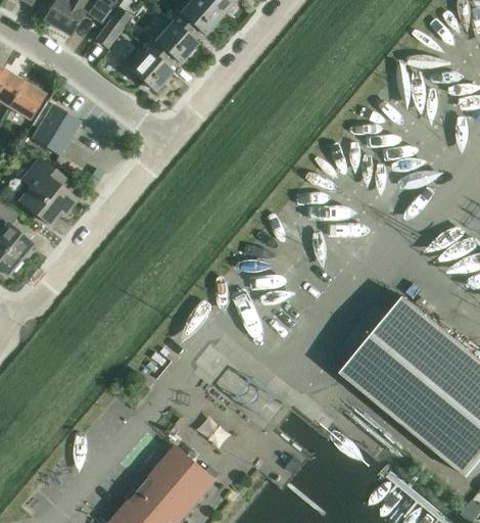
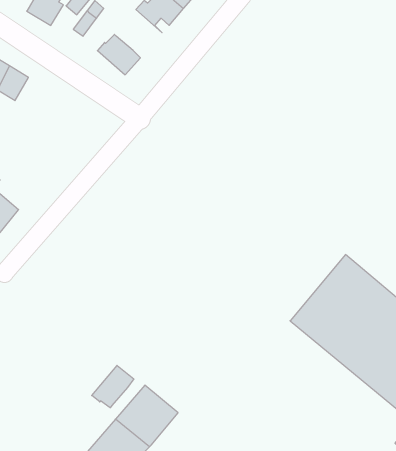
building: [142,16,196,63] -> none
building: [31,103,81,155] -> none
building: [23,158,73,225] -> none
building: none -> [92,365,134,408]

